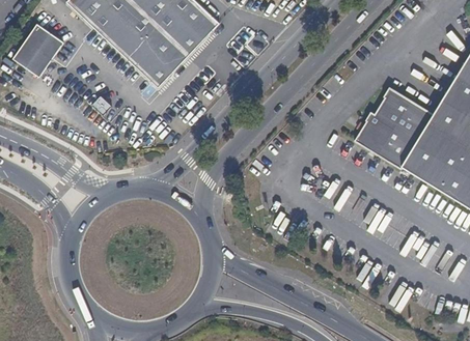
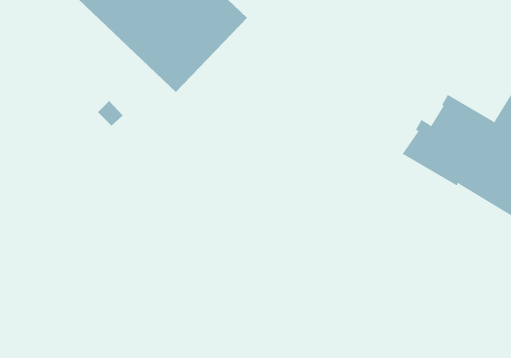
building: [11,21,63,76] -> none

